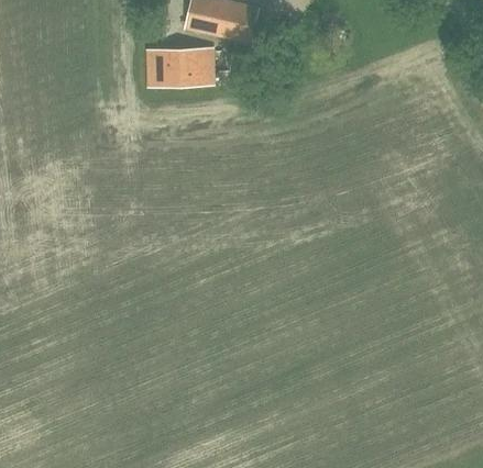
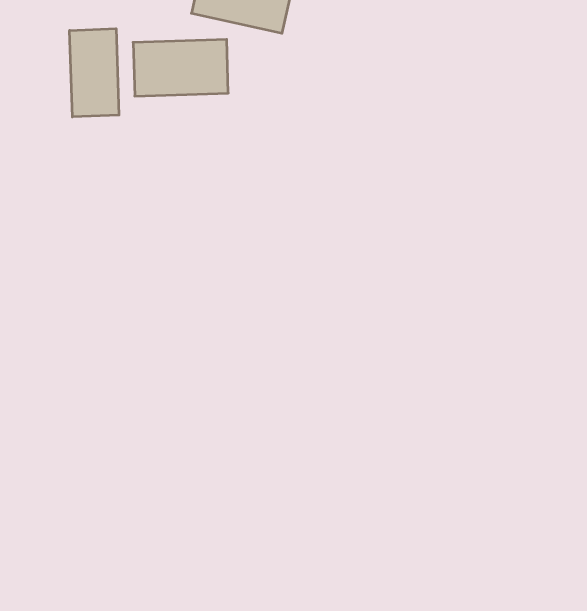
building: none -> [70,29,119,117]

